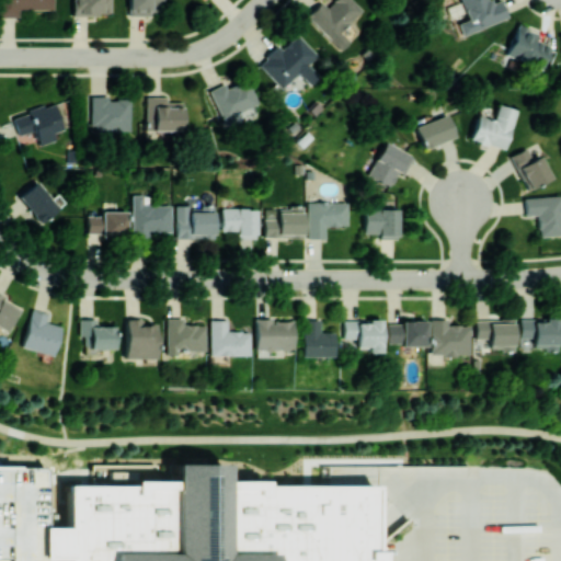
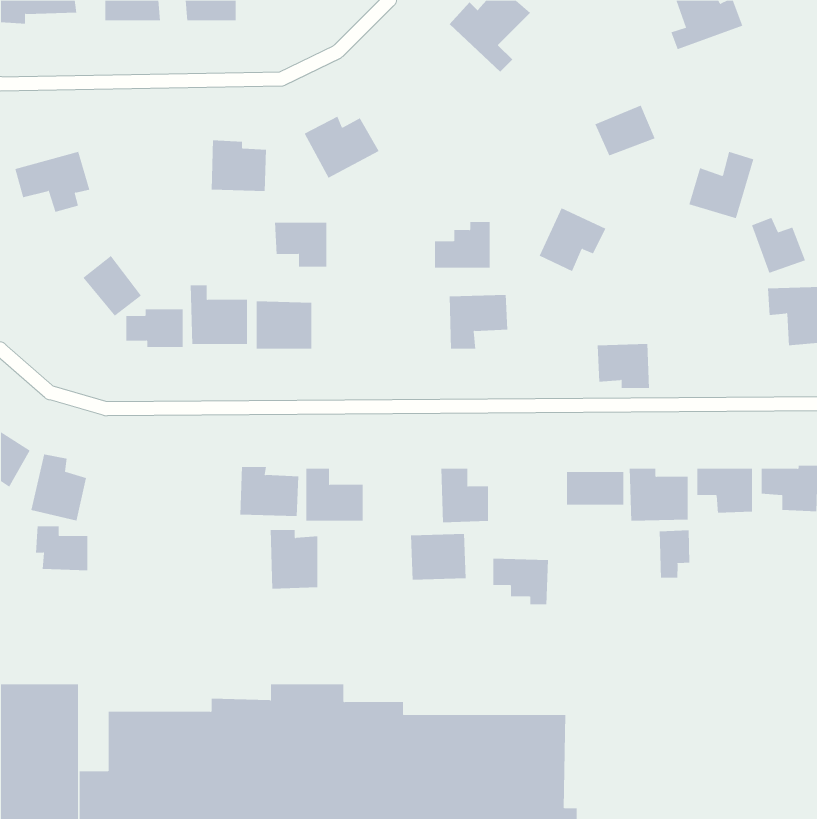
building: [508,26,552,69] -> none
building: [260,35,322,90] -> none
building: [93,98,133,133] -> none
building: [416,115,458,150] -> [595,105,656,156]
building: [20,182,60,224] -> [82,255,142,316]
building: [266,207,305,239] -> [434,221,490,268]
building: [222,209,259,240] -> [274,222,327,267]
building: [365,209,401,240] -> [597,343,650,389]
building: [80,320,116,351] -> [35,526,88,571]
building: [126,320,159,360] -> [270,529,318,589]
building: [256,320,295,352] -> [410,533,466,580]
building: [345,321,383,353] -> [492,558,549,605]
building: none -> [659,529,690,579]

